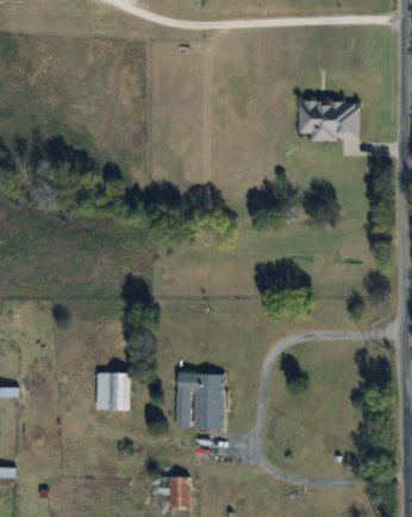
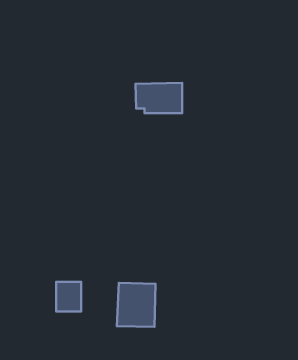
building: [298,99,358,138] -> [135,83,182,113]

